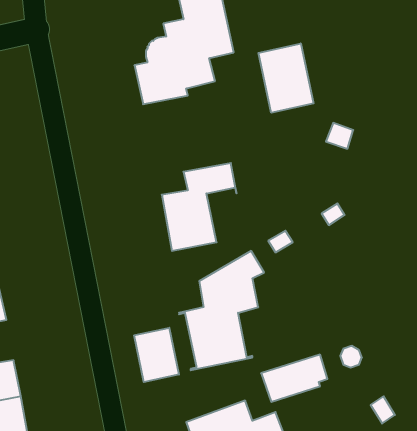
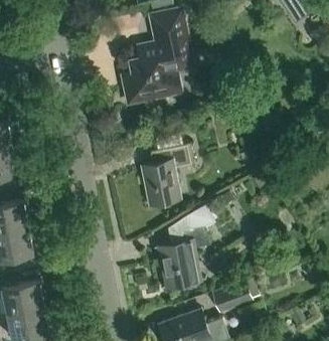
building: [258,43,314,113] -> none
building: [134,328,179,382] -> none

